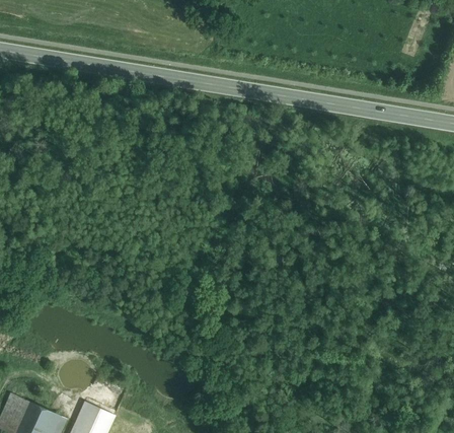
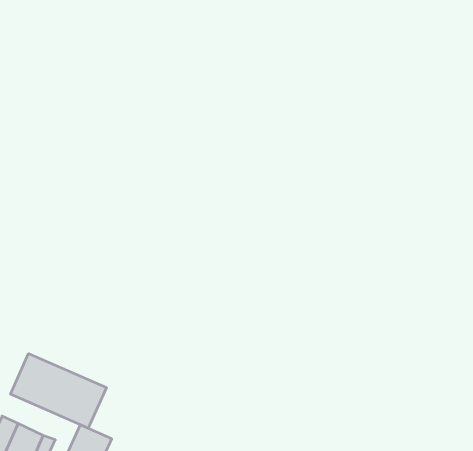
building: none -> [11,354,106,428]

